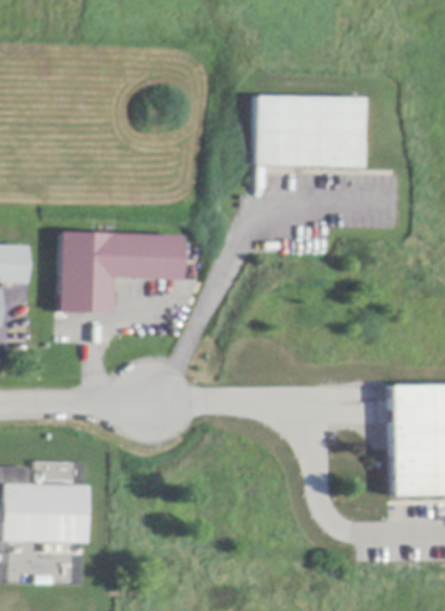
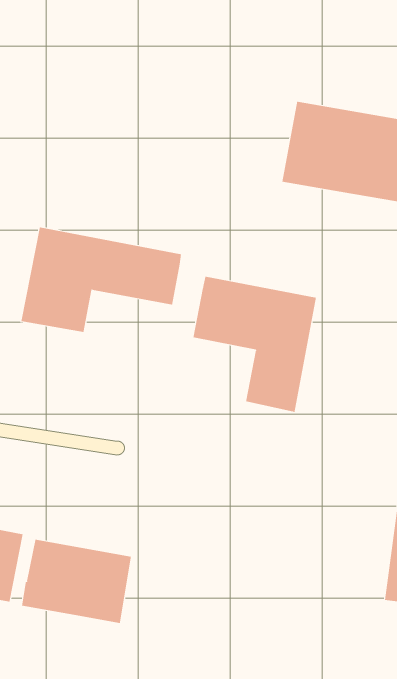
building: none -> [193,276,316,413]
building: none -> [22,539,132,624]

